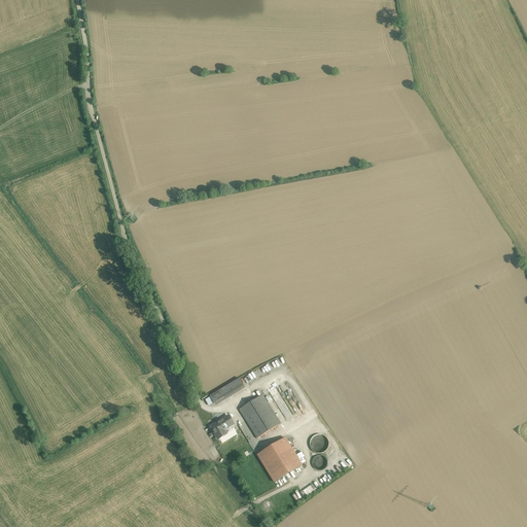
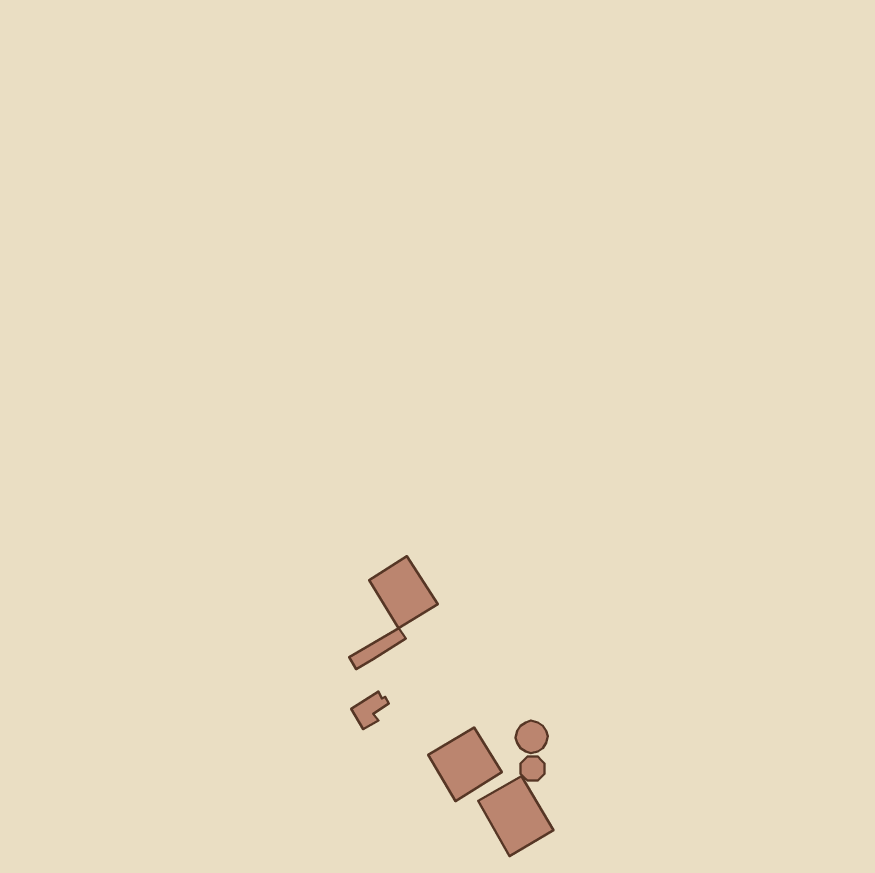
building: [240,394,281,437] -> [369,556,438,628]
building: none -> [478,776,554,856]

